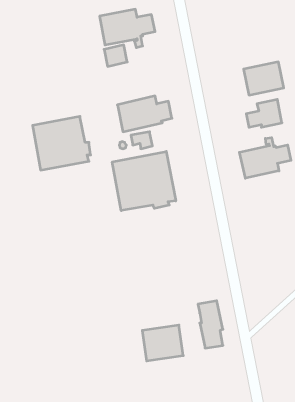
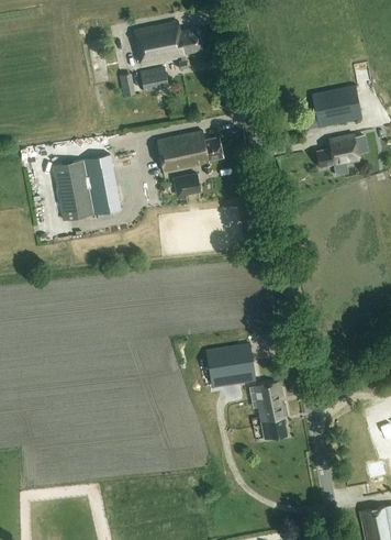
building: [239,138,291,178] -> none
building: [112,151,176,211] -> none
building: [142,325,183,361] -> [205,343,256,387]

